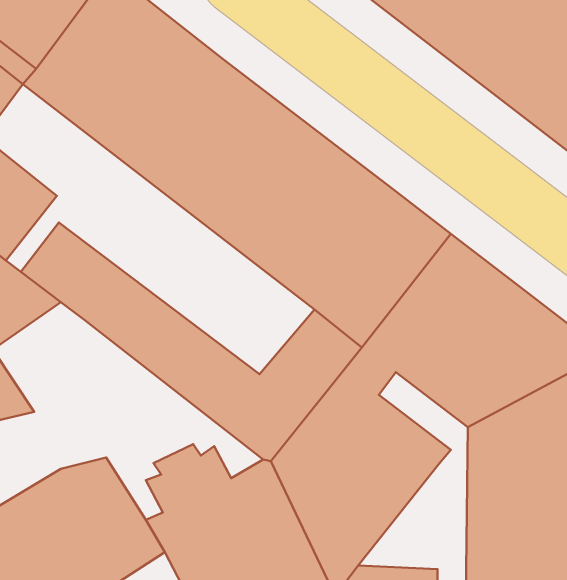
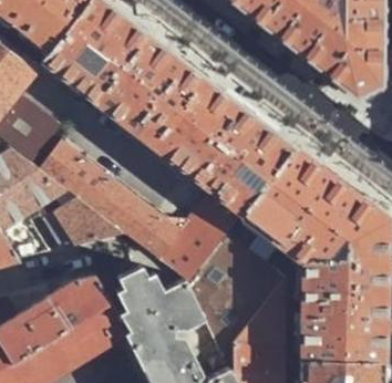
building: none -> [42,196,123,247]
building: none -> [238,280,286,342]

